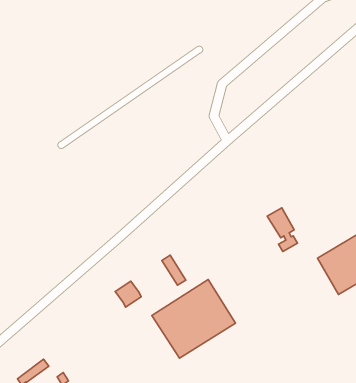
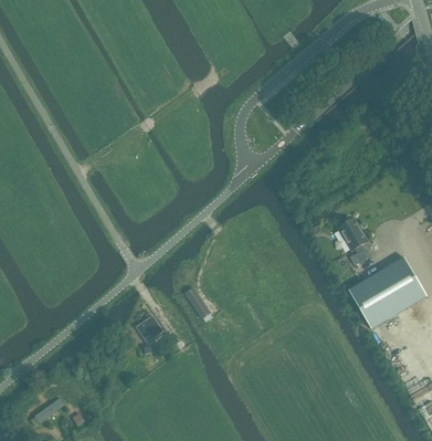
building: [267,208,297,251] -> [339,218,371,264]
building: [152,279,236,358] -> none

